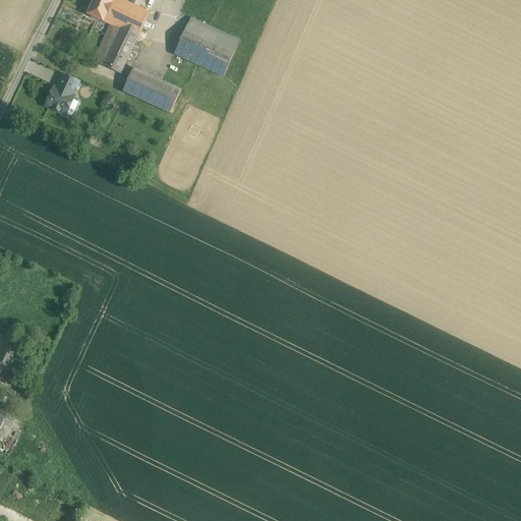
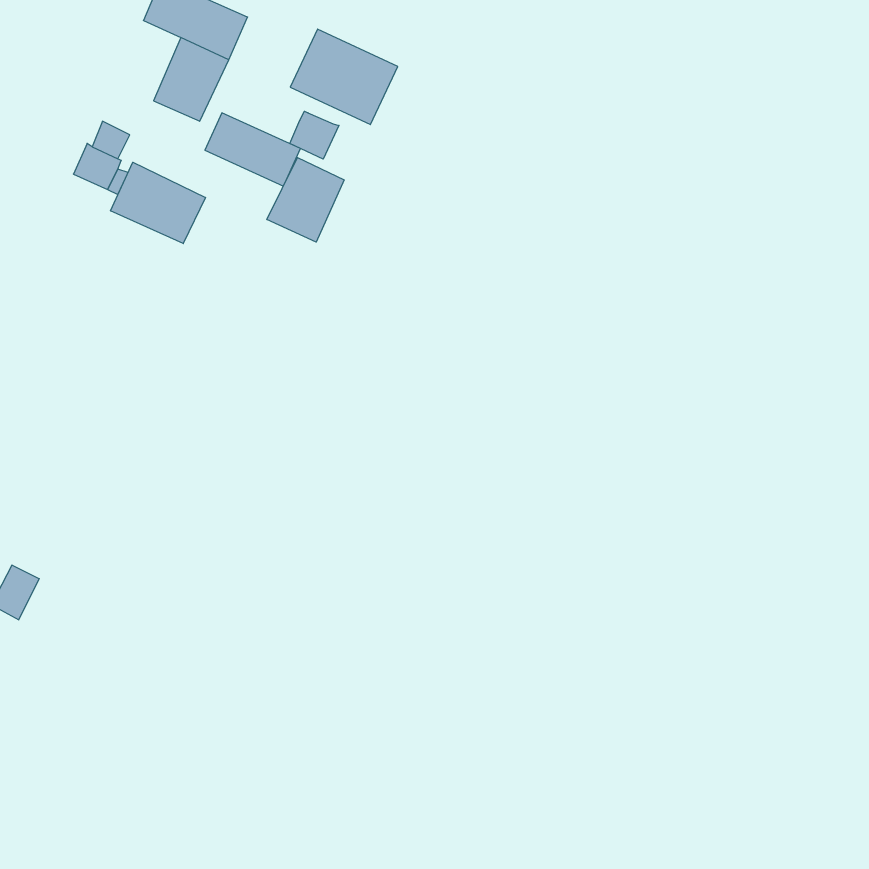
building: none -> [290,111,339,159]
building: none -> [267,158,344,242]
building: none -> [111,162,205,244]

